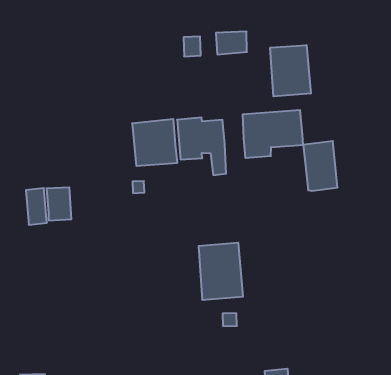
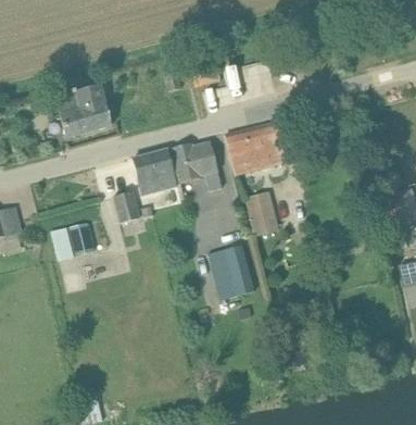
building: none -> [56,86,113,138]
building: [270,45,311,96] -> none
building: [303,141,338,191] -> [244,190,280,236]
building: none -> [115,190,141,225]

